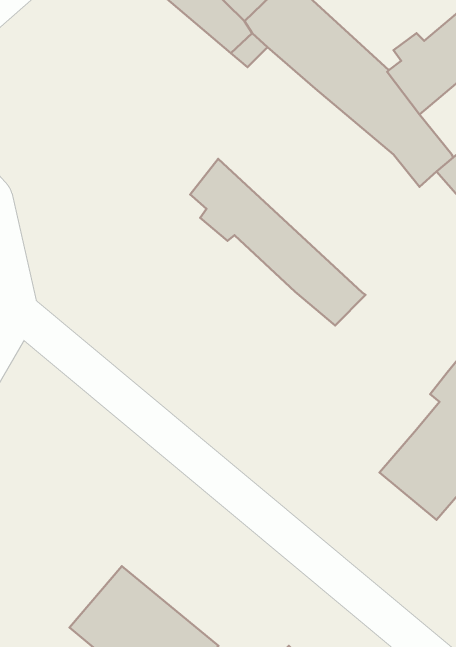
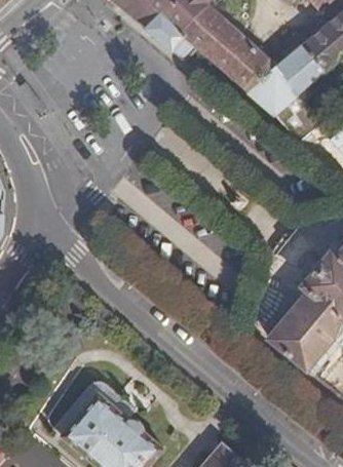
building: [190,159,366,325] -> none
building: none -> [53,381,137,436]

